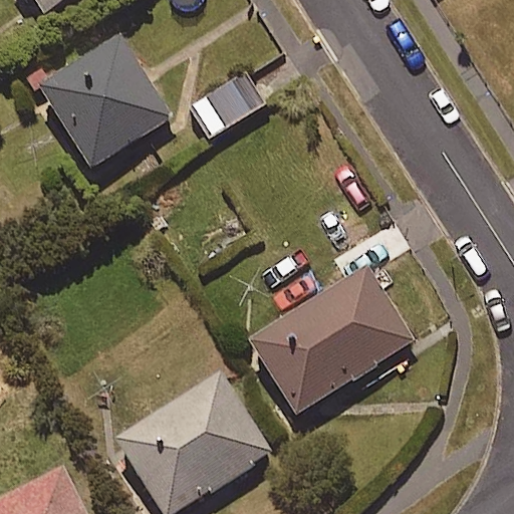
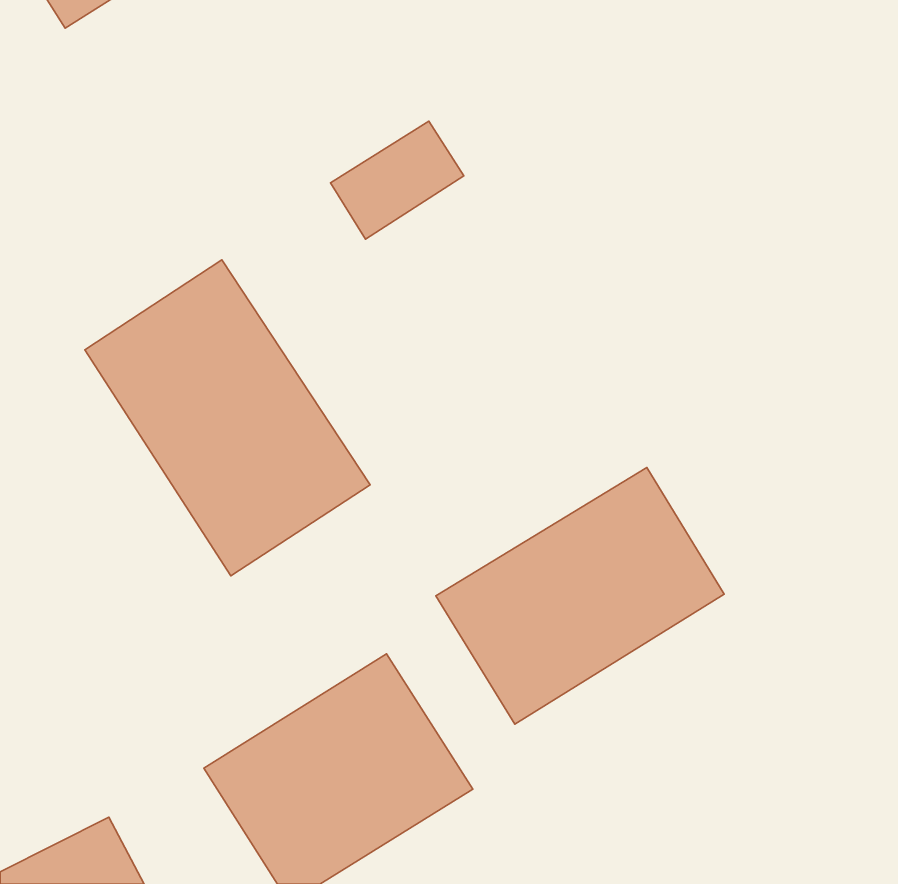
building: [37,34,173,169] -> none
building: none -> [85,260,370,576]

